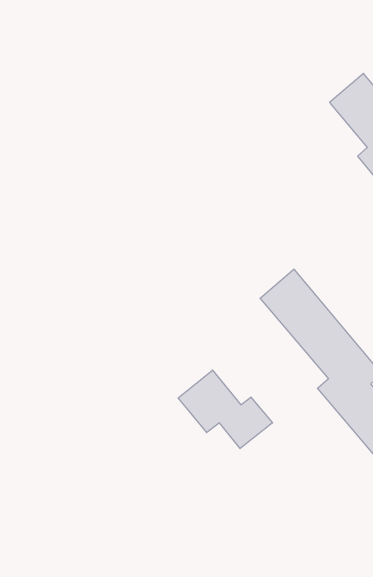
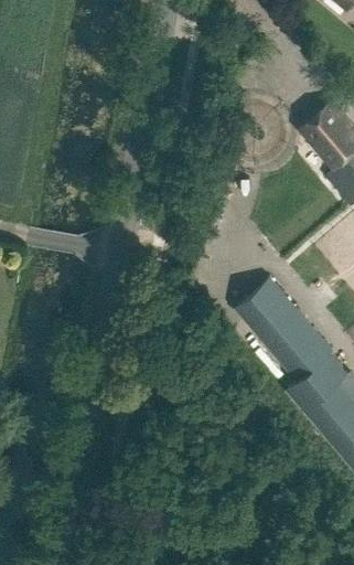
building: [178,370,273,449] -> none

